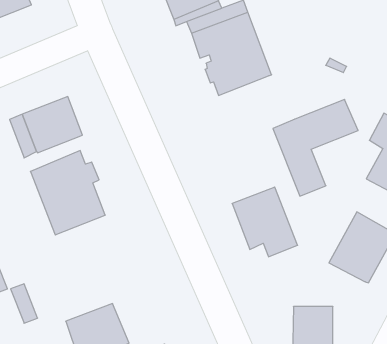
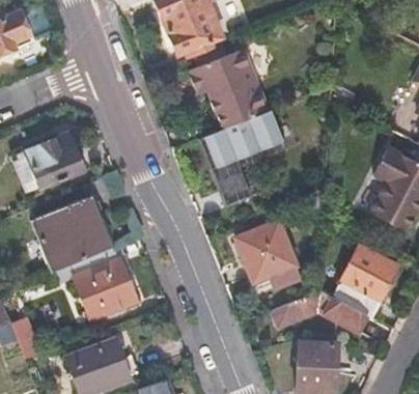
building: [273,99,358,196] -> [199,110,284,206]
building: none -> [56,246,138,312]
building: none -> [272,290,367,334]

